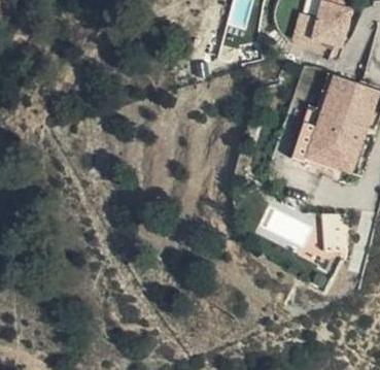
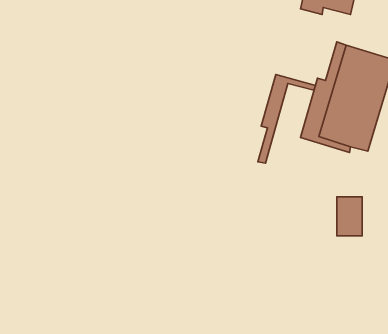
building: none -> [258,75,316,163]

